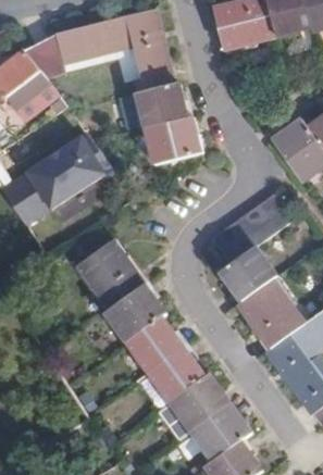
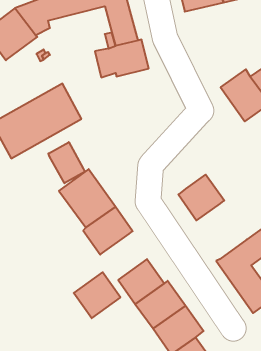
building: [147,117,200,165] -> none
building: [211,192,293,264] -> none
building: none -> [48,142,85,183]
building: [240,282,305,349] -> none
building: [127,318,184,374] -> [74,272,120,318]

